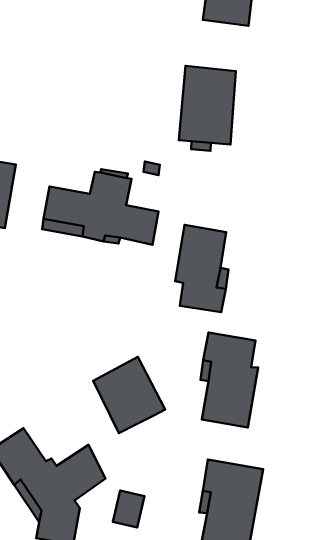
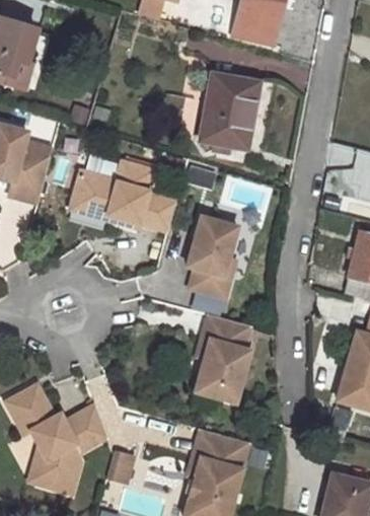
building: [93,357,165,433] -> none

